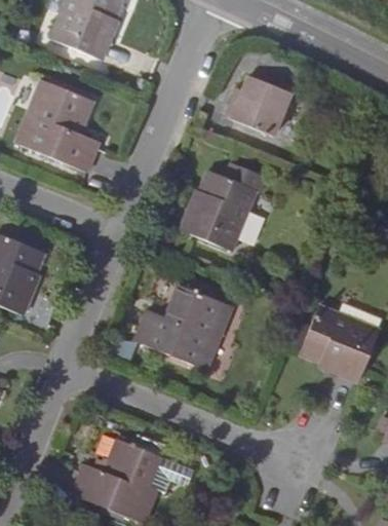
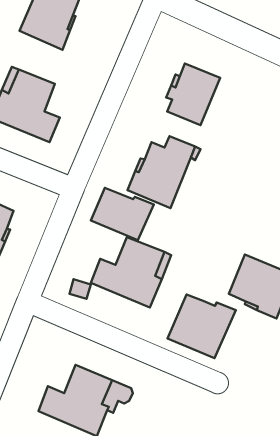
building: none -> [91,188,154,240]
building: none -> [168,294,236,358]

